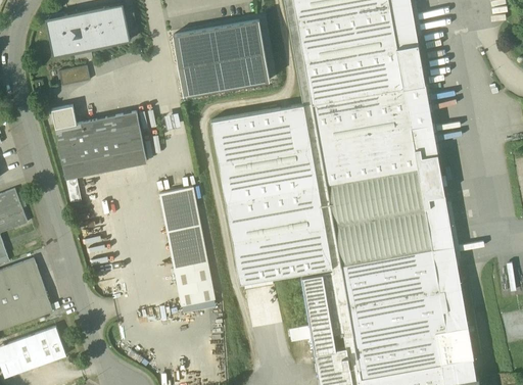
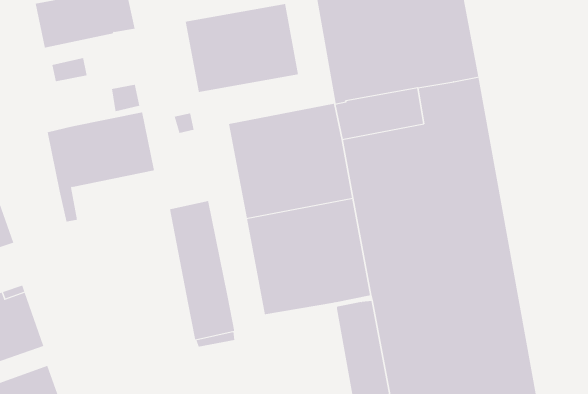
building: [52,106,77,130] -> [111,84,140,112]

